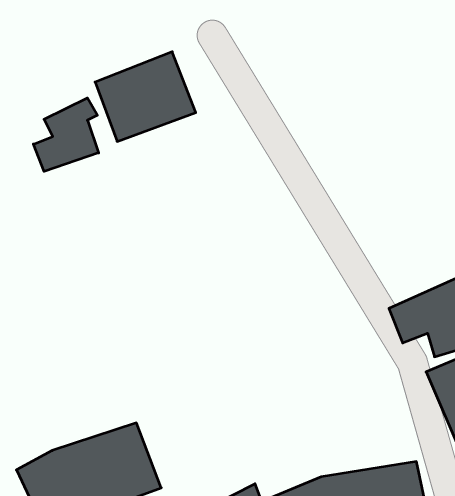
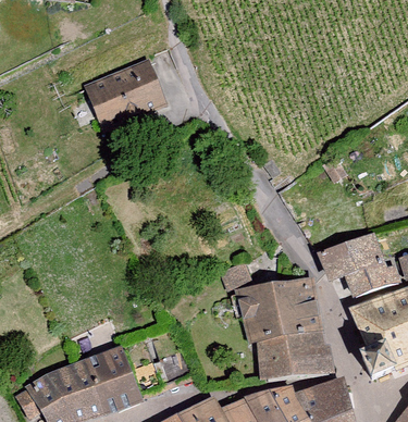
building: [33,98,99,171] -> none
building: none -> [237,277,331,380]

